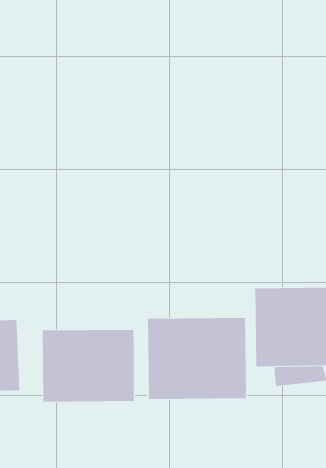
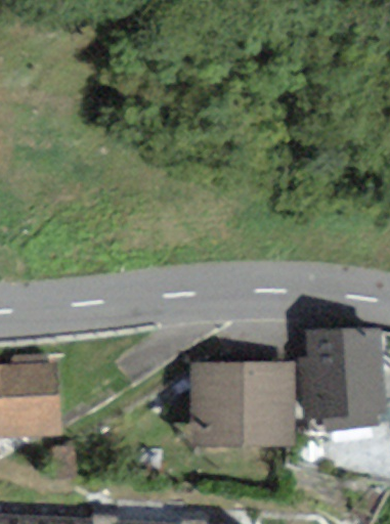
building: [42,329,134,403] -> none

